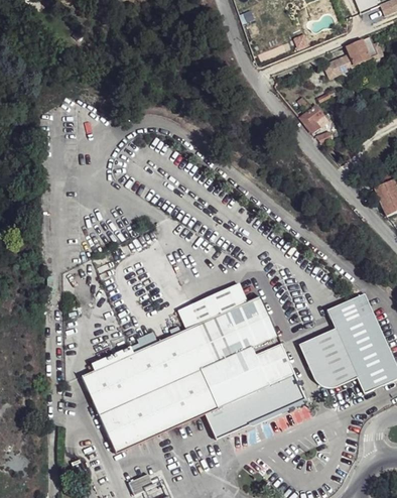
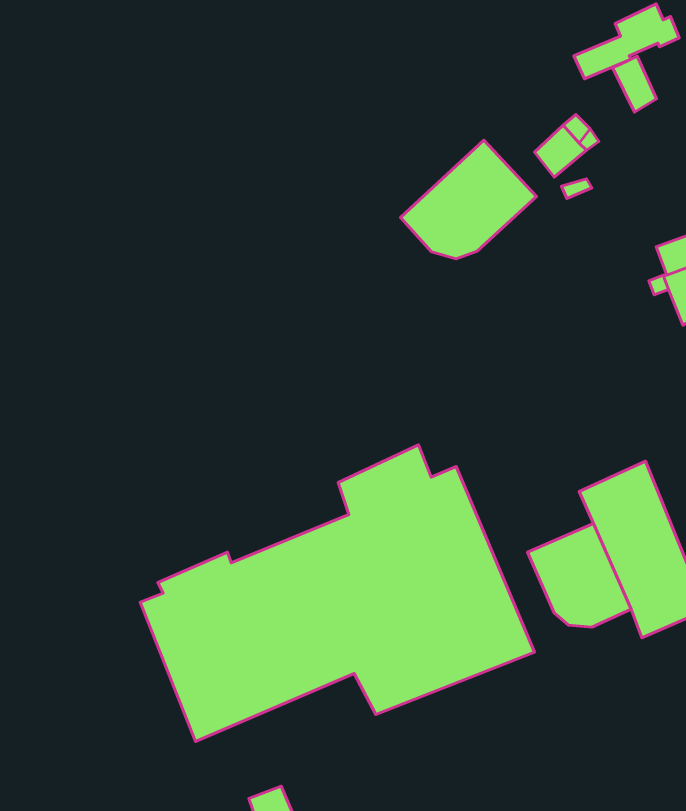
building: none -> [612,56,656,112]
building: none -> [401,140,537,259]

